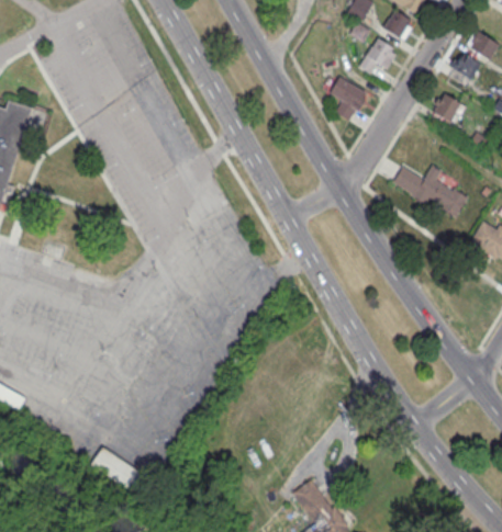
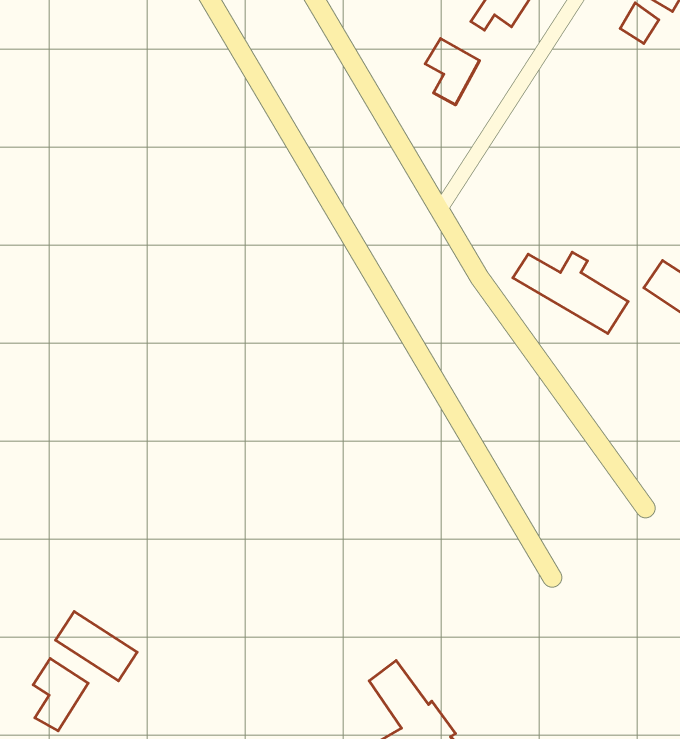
building: [432,93,460,122] -> none
building: [391,166,466,218] -> [513,252,628,334]
building: none -> [33,658,88,731]

